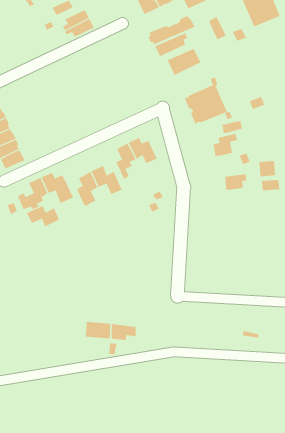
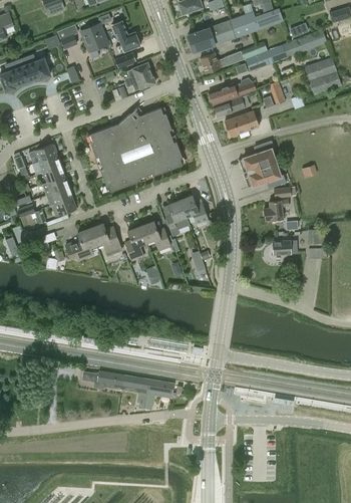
building: none -> [89,107,182,191]
building: [26,205,60,227] -> none
building: none -> [96,370,123,389]

